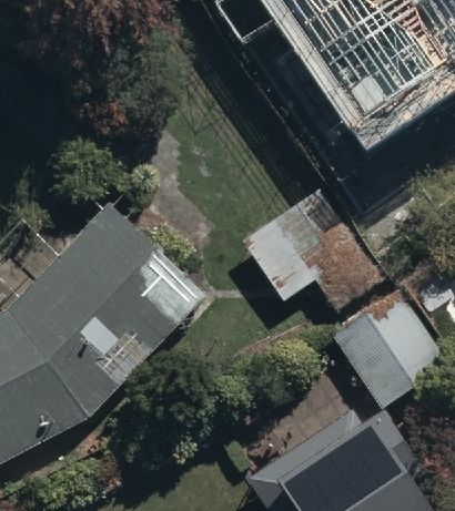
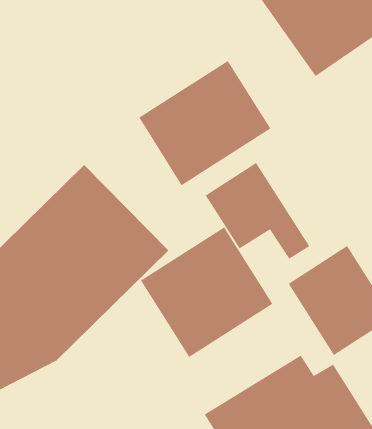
building: none -> [138,60,271,186]
building: none -> [140,227,273,358]

